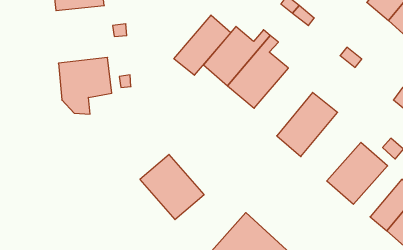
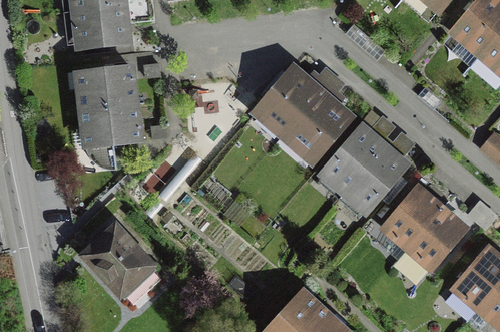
building: [174,15,231,75] -> none
building: none -> [73,65,135,106]
building: none -> [318,124,382,194]
building: none -> [379,185,440,248]
building: [140,154,204,220] -> [79,224,156,302]

